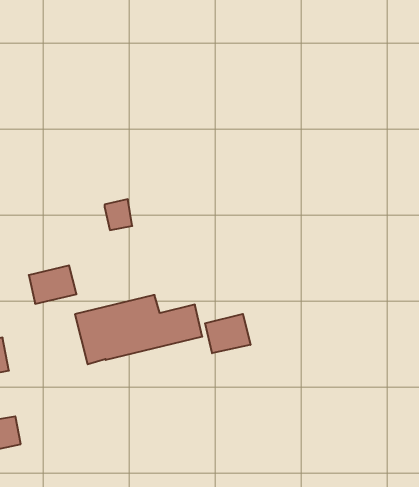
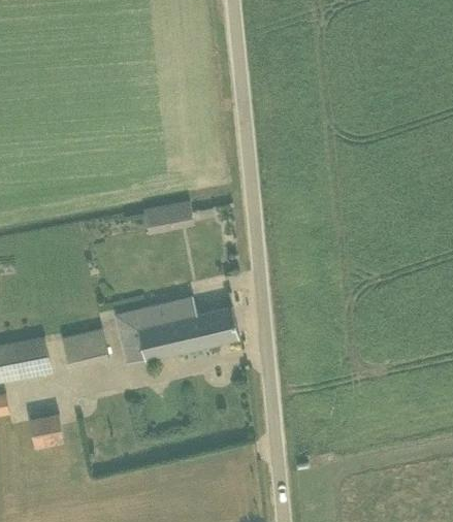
building: [29,265,77,304] -> [62,328,108,365]
building: [205,314,250,353] -> none

